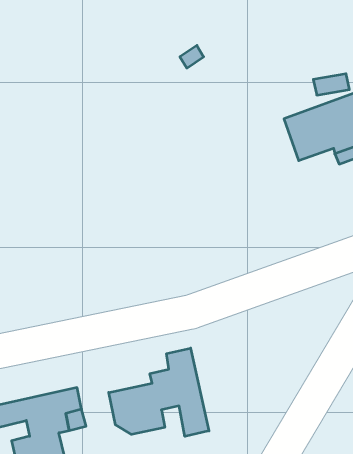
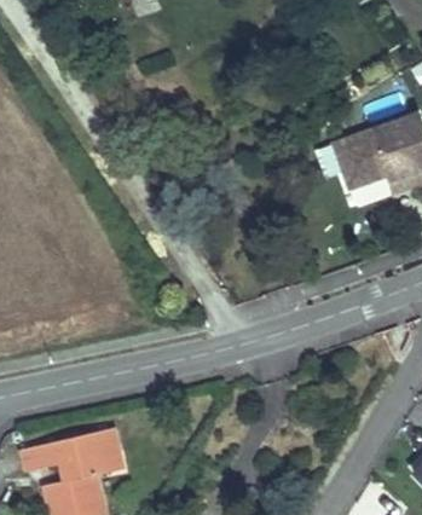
building: [109,348,209,436] -> none

